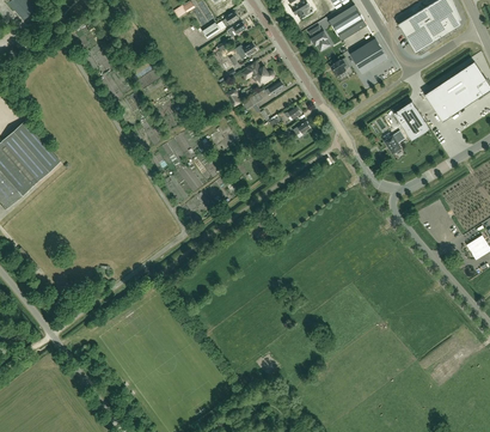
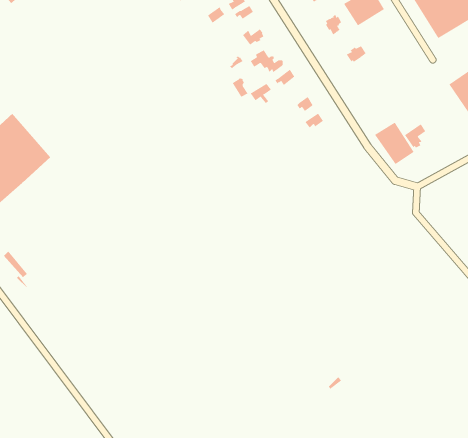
building: [350,38,387,73] -> none
building: [392,101,429,140] -> [374,122,414,165]

